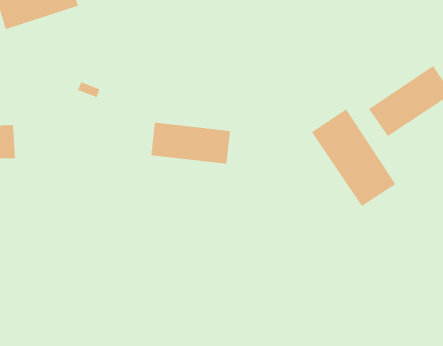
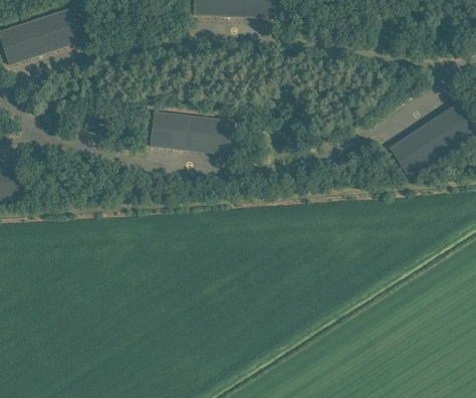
building: [311,109,396,207] -> none
building: [150,122,231,164] -> [150,111,234,155]

